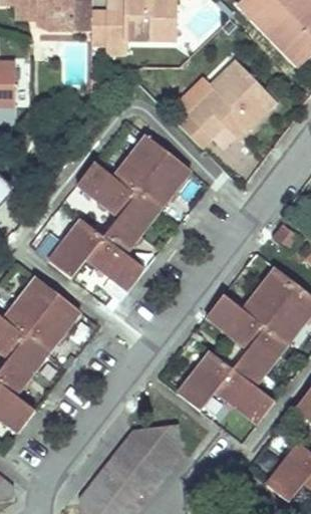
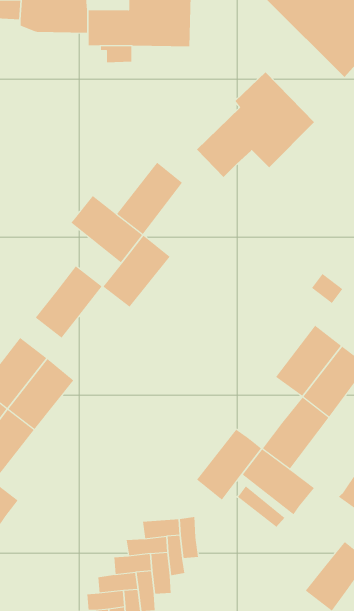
building: [135,152,190,212] -> none
building: [84,236,143,290] -> none
building: [206,293,265,346] -> none

